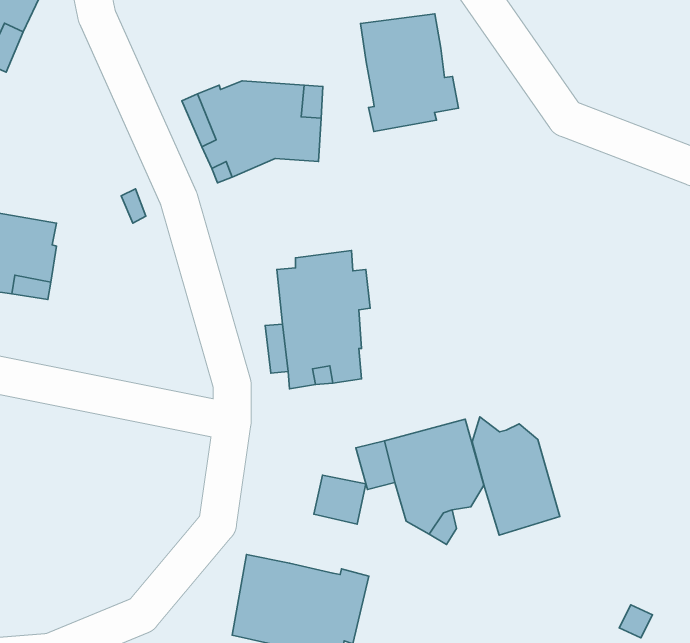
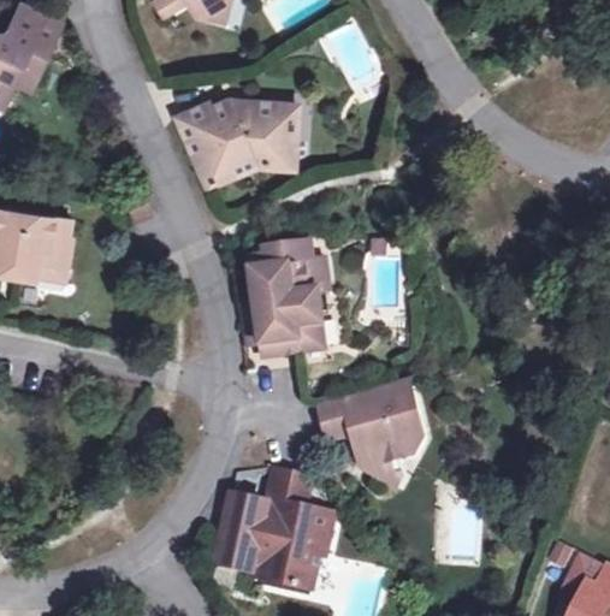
building: [360,14,458,132] -> none
building: [472,417,560,535] -> none
building: [314,475,366,524] -> [265,469,308,510]

